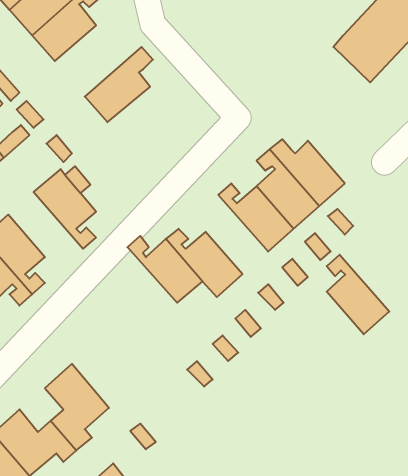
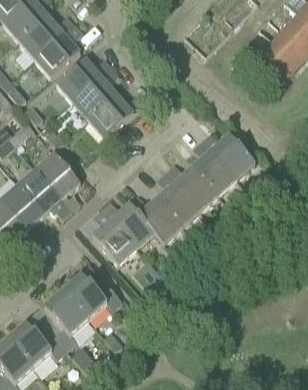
building: none -> [56,57,112,101]
building: none -> [88,94,144,138]
building: none -> [18,168,71,216]
building: none -> [92,207,137,263]
building: [327,255,389,334] -> [157,170,201,226]
building: none -> [63,273,122,320]

